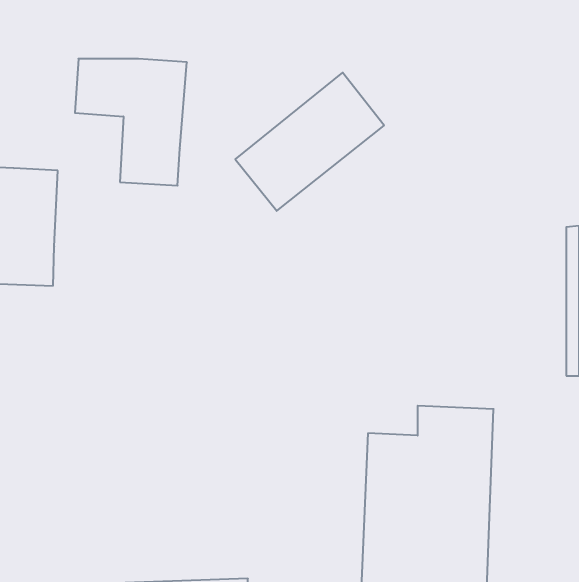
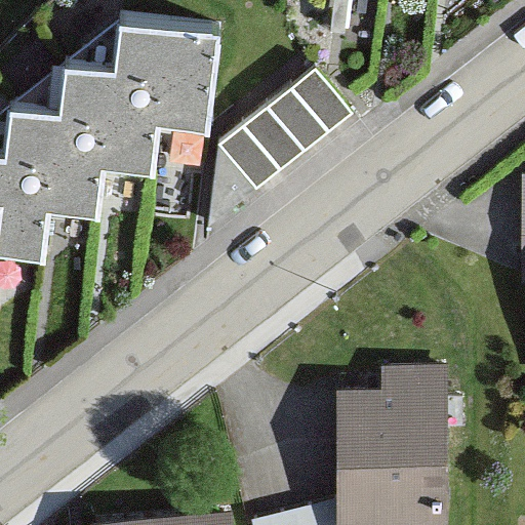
building: none -> [123,15,225,144]
building: none -> [12,106,110,229]

